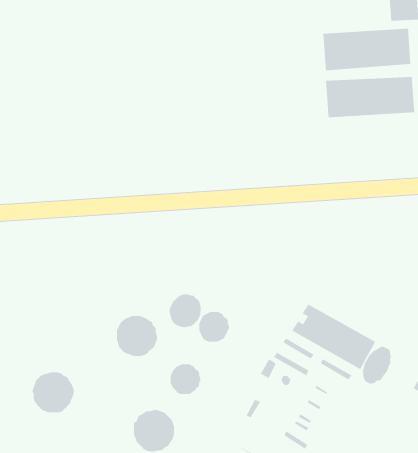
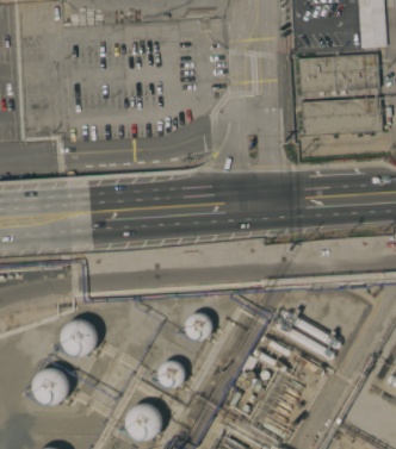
building: [169,294,202,328] -> none
building: [116,315,158,357] -> [61,318,99,356]
building: [362,346,392,385] -> none

